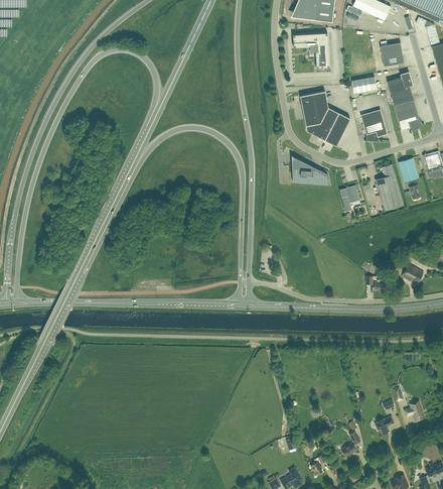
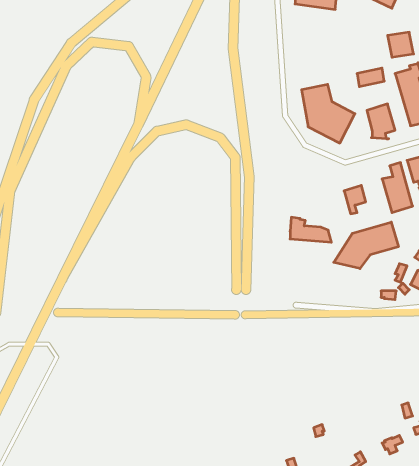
building: [292,32,329,68] -> none
building: [292,161,330,185] -> [290,217,331,242]
building: none -> [334,222,398,269]

